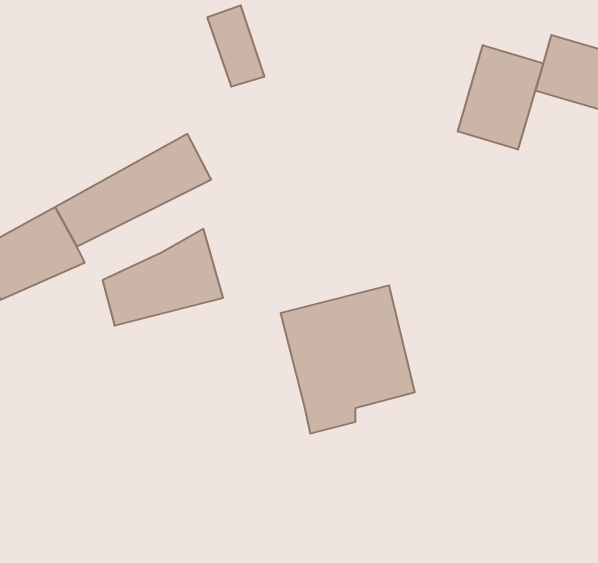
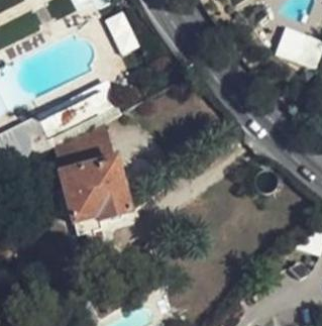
building: [458,45,543,150] -> none
building: [281,285,415,434] -> [60,159,128,235]

